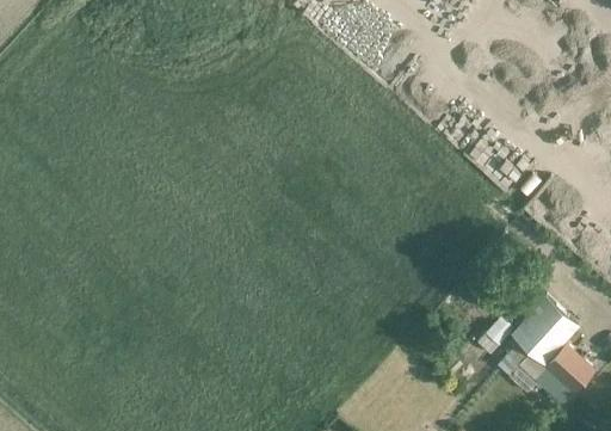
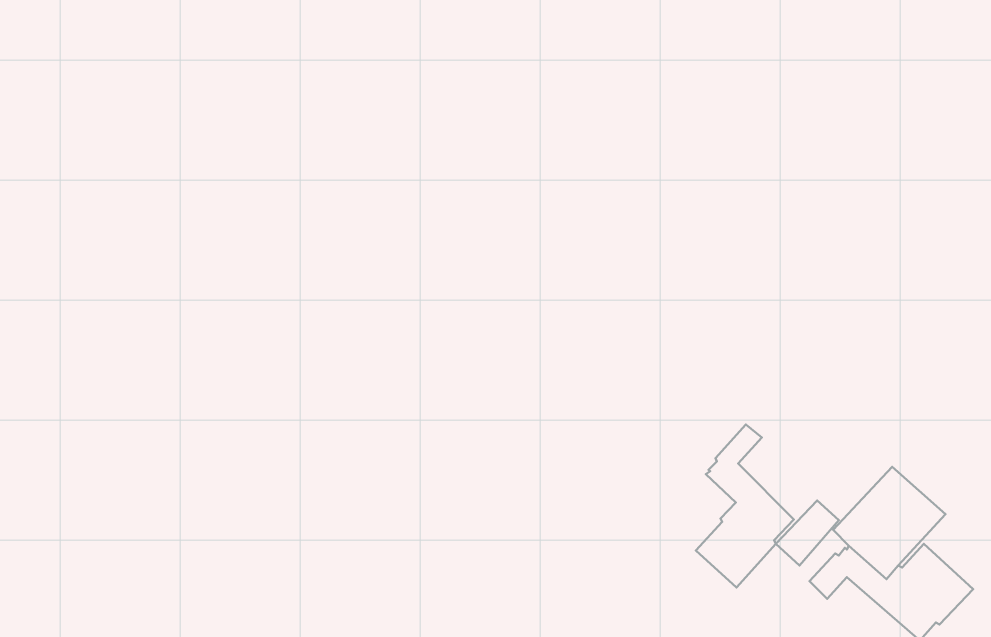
building: none -> [696,425,794,587]

